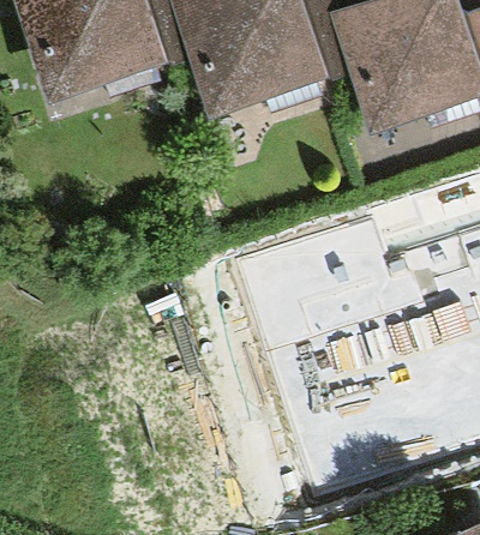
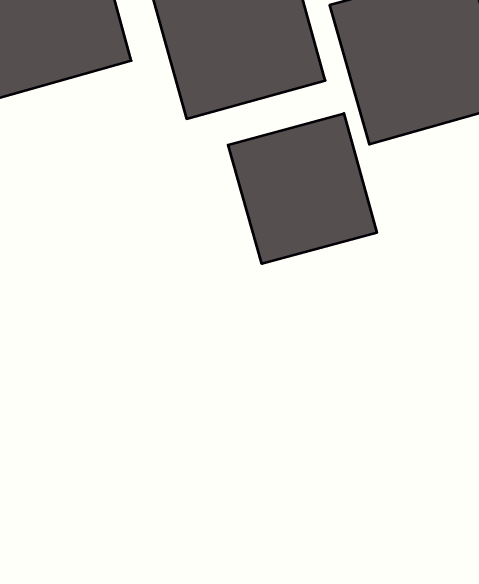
building: none -> [228,113,377,264]

